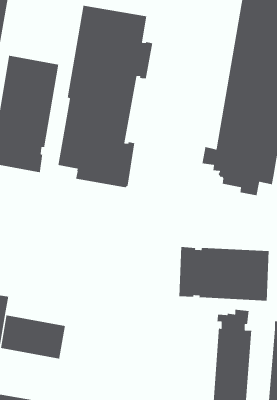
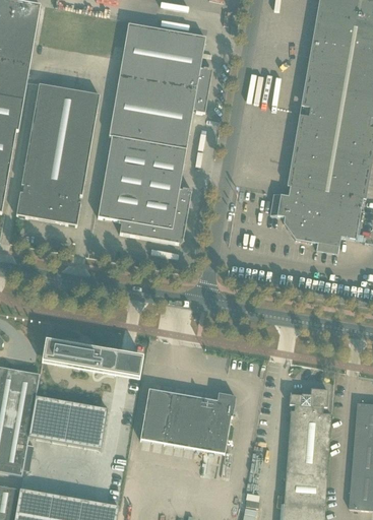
building: [179,246,269,301] -> none
building: none -> [42,338,143,378]
building: none -> [139,388,236,452]

